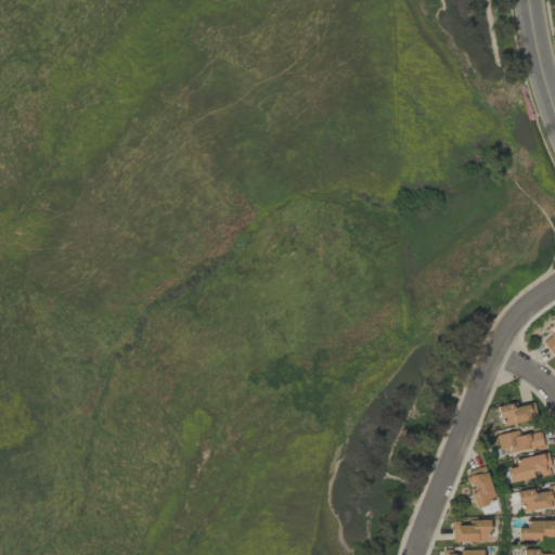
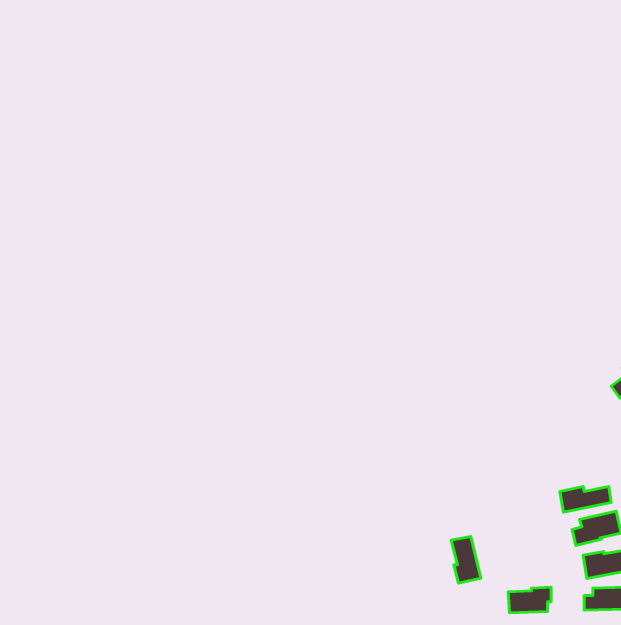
building: [501,403,539,426] -> none
building: [472,467,498,508] -> [451,537,481,583]

